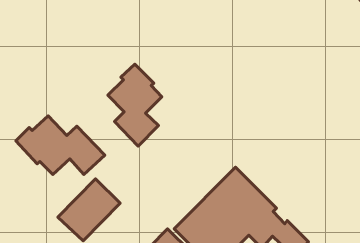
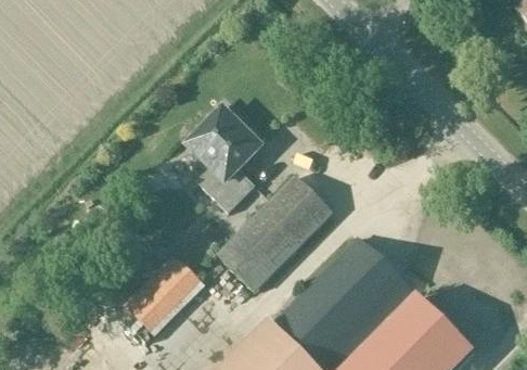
building: [16,116,105,175] -> none
building: none -> [217,174,334,291]

